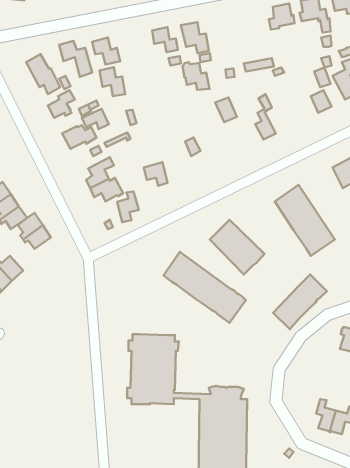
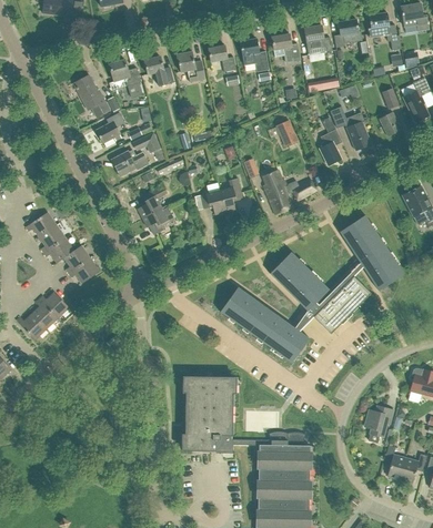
building: none -> [303,24,332,54]
building: [183,62,209,90] -> [271,32,300,62]
building: [99,67,125,96] -> [177,51,204,82]
building: none -> [329,105,370,150]
building: none -> [262,170,318,214]
building: [117,191,139,222] -> [219,179,242,212]
building: [273,275,327,329] -> [313,275,371,334]
building: none -> [364,405,393,441]

